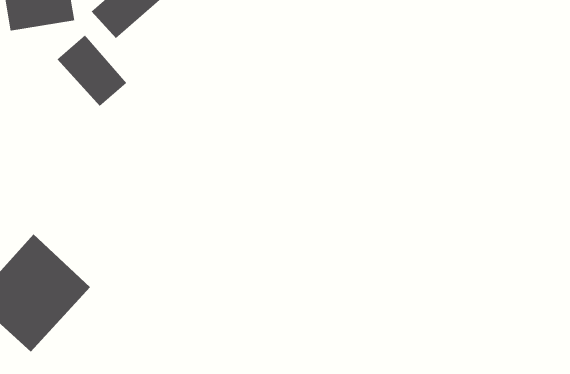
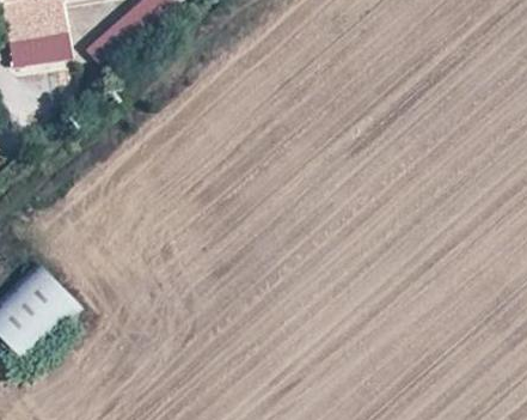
building: [56,35,127,107] -> none

